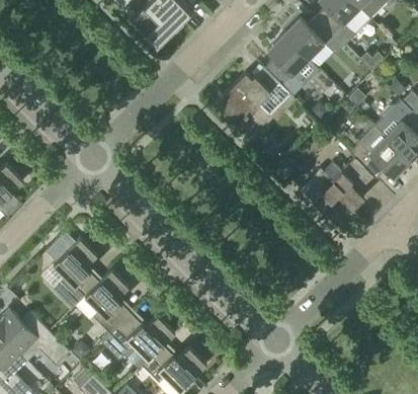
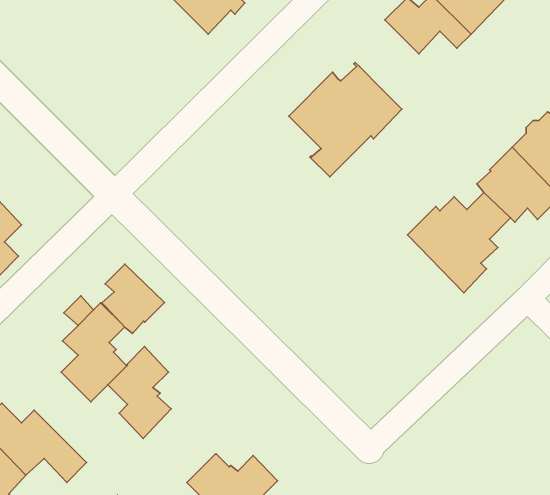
building: [265,34,308,84] -> none
building: none -> [102,264,164,333]
building: [110,313,175,369] -> none

